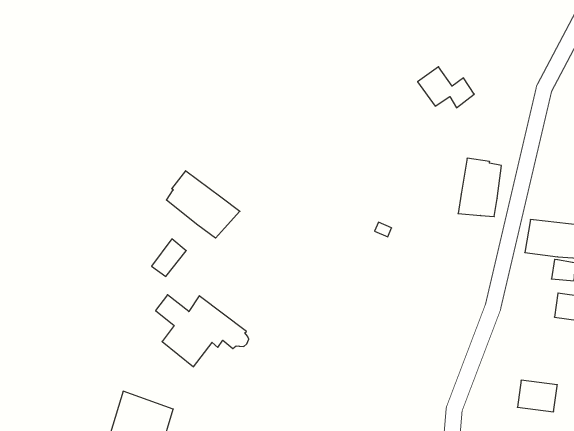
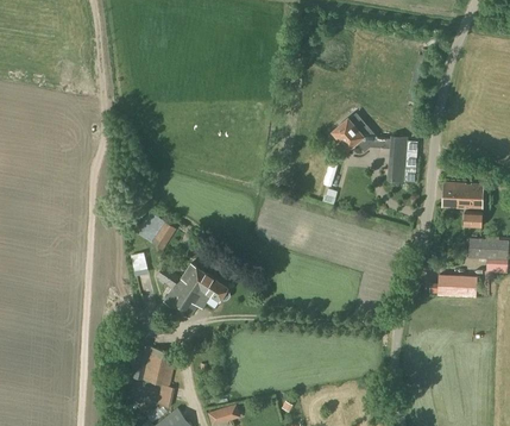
building: [418,67,474,108] -> [332,118,377,149]
building: [166,171,240,238] -> none
building: [517,380,557,412] -> [437,274,467,296]

